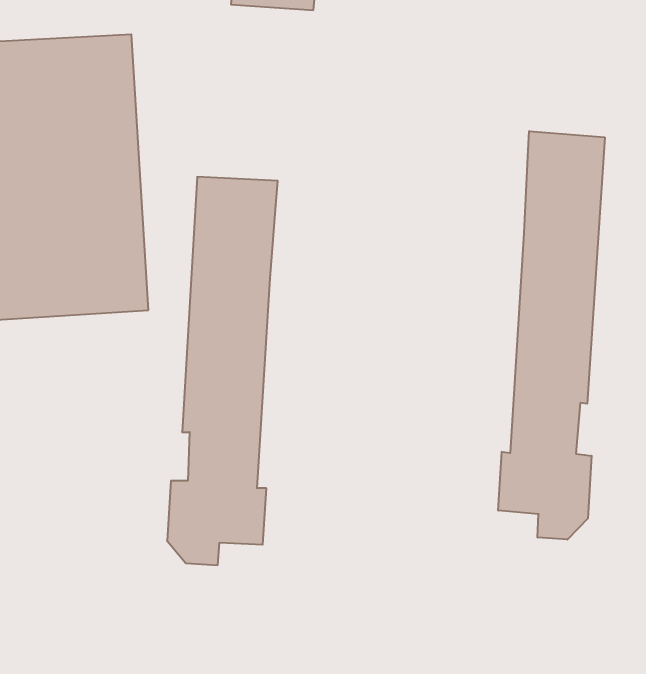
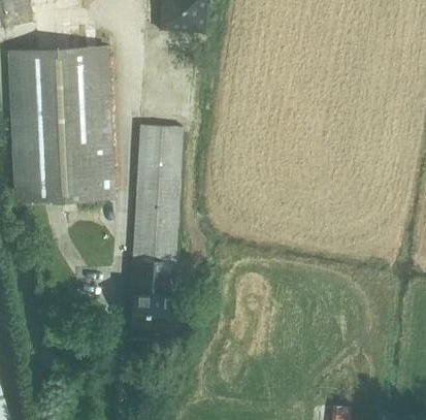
building: [498,131,605,540] -> none

